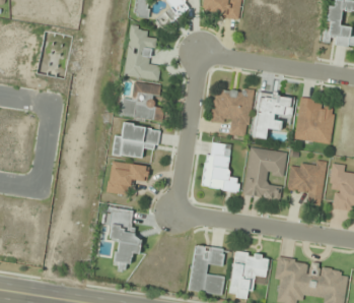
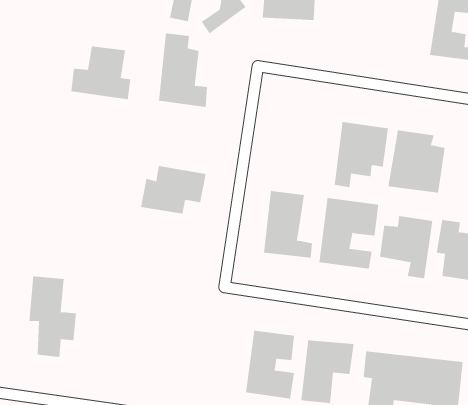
building: [120,81,164,121] -> [70,46,131,100]
building: [210,86,255,137] -> none
building: [108,160,149,194] -> none
building: [108,207,143,267] -> [28,276,77,357]

